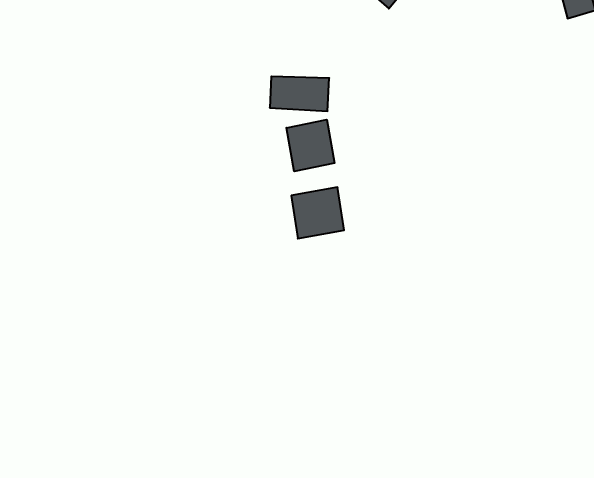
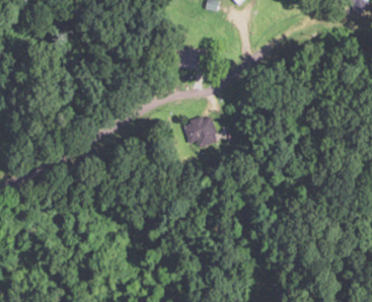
building: [286,120,335,171] -> none

